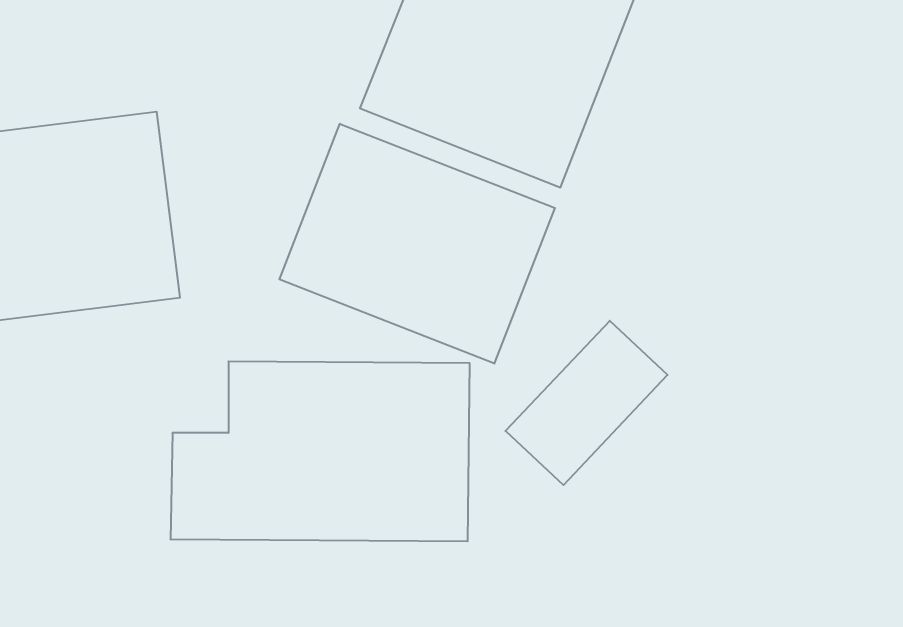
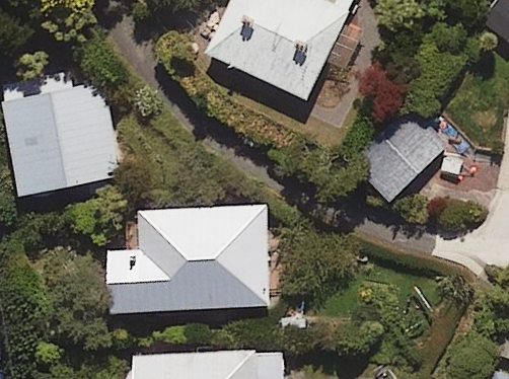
building: [279,124,555,364] -> none
building: [505,321,668,485] -> [361,128,446,214]

